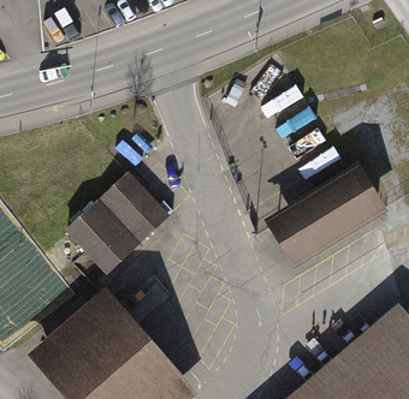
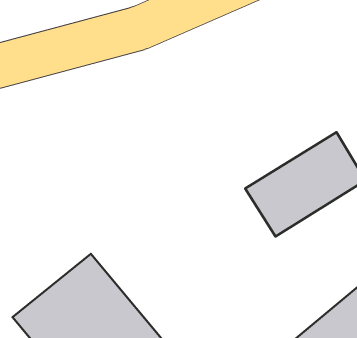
building: [66,172,170,274] -> none

